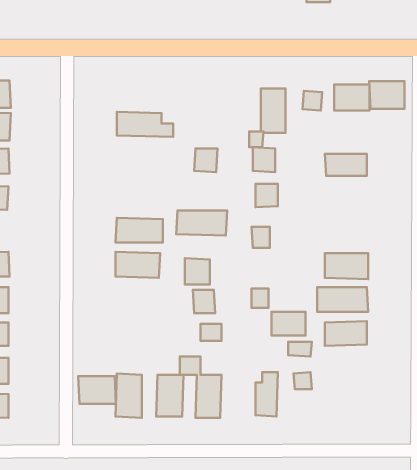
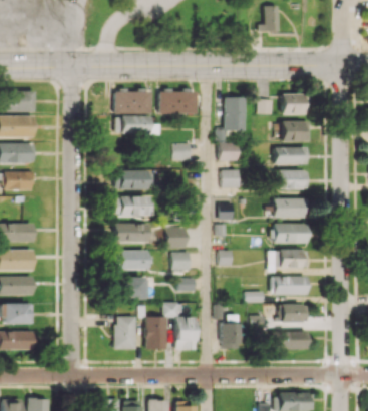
building: none -> [115,91,150,113]
building: none -> [159,91,195,114]
building: [369,81,405,109] -> [282,121,309,142]
building: none -> [279,170,308,189]
building: [176,210,227,235] -> [114,171,153,190]
building: none -> [275,198,309,218]
building: none -> [112,250,147,269]
building: [271,312,305,336] -> [281,304,307,322]
building: [78,376,116,404] -> [118,278,147,299]
building: none -> [275,331,308,350]

